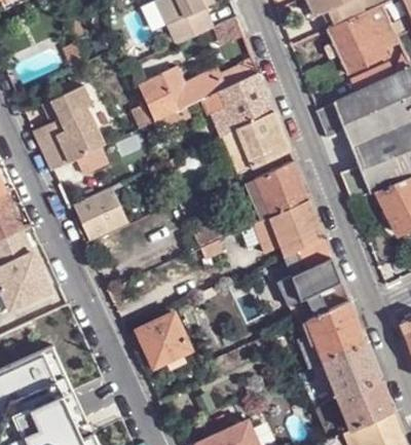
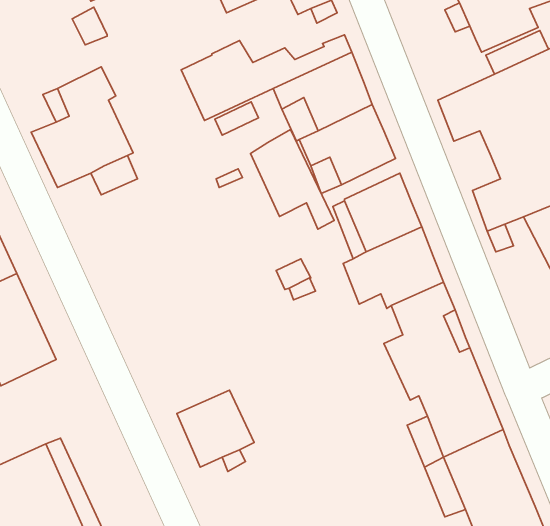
building: none -> [250,130,334,229]
building: [68,186,129,245] -> none

